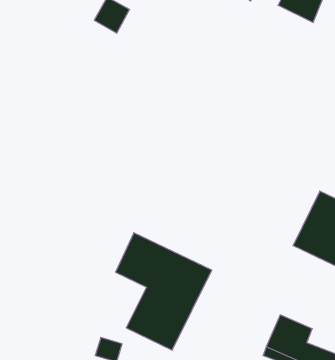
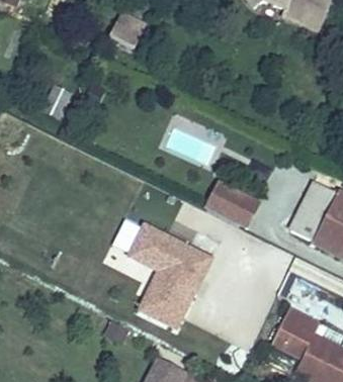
building: none -> [205,181,264,231]

